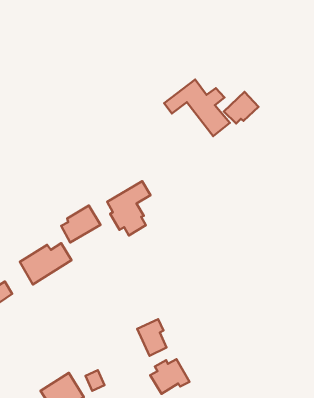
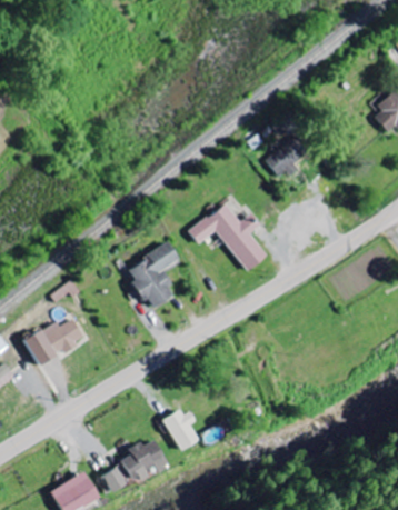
building: [164,80,230,136] -> [190,204,268,271]
building: [61,206,100,242] -> none
building: [150,359,190,394] -> [121,440,168,481]

